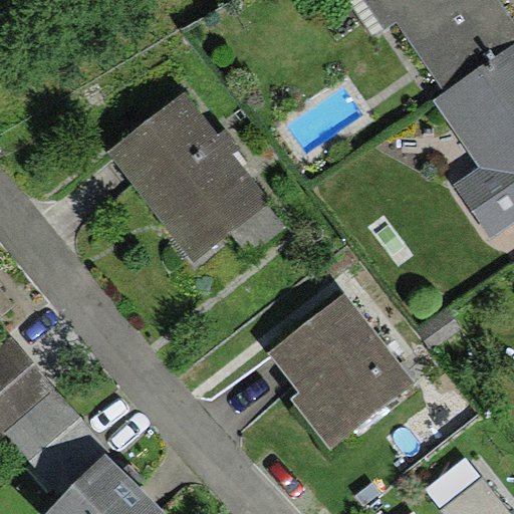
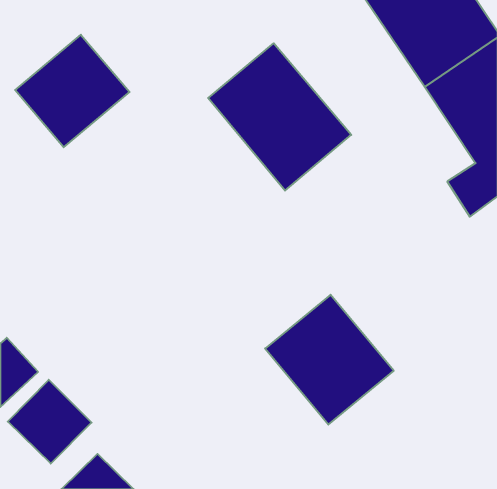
building: none -> [15,35,130,147]
building: [112,101,260,253] -> [208,43,351,191]

